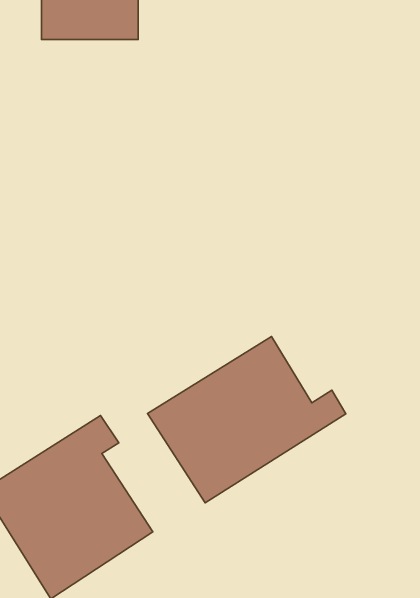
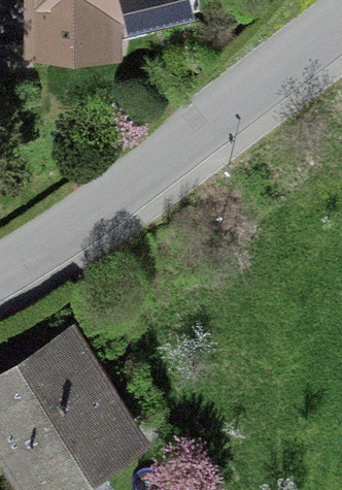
building: [148,337,346,503] -> none

